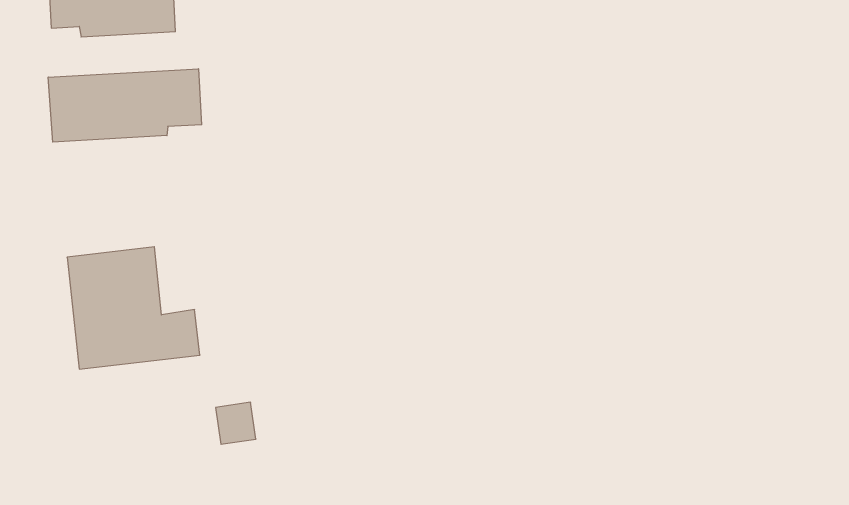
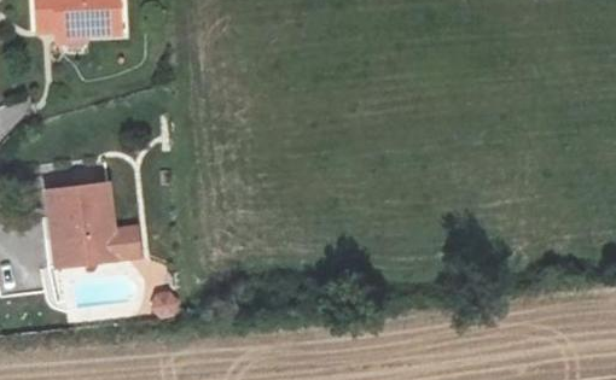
building: [48,69,202,142] -> none

